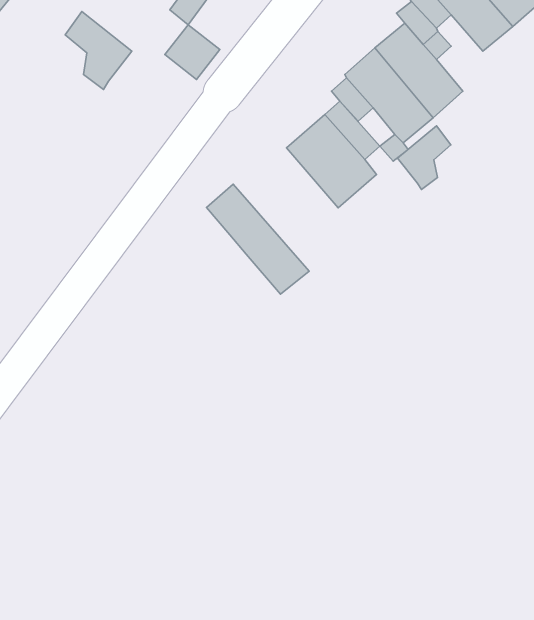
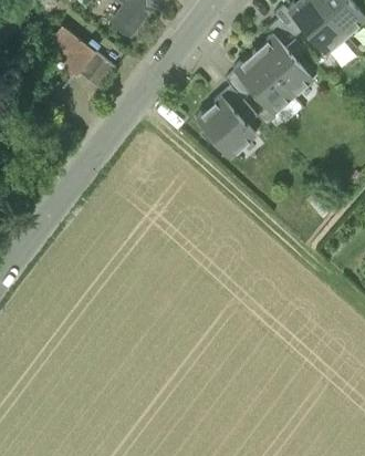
building: [165,25,220,80] -> [76,53,113,90]
building: [397,126,451,190] -> none
building: [206,184,309,294] -> none

